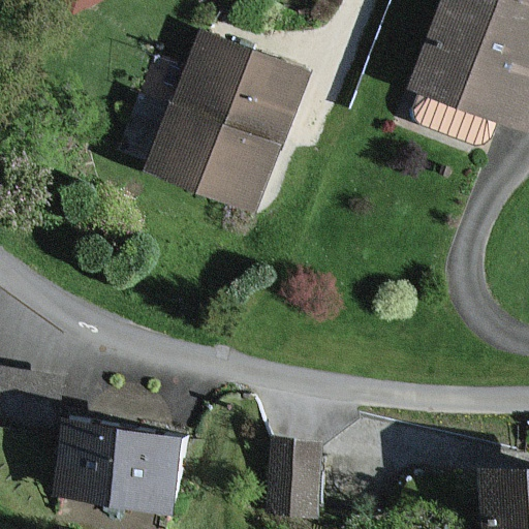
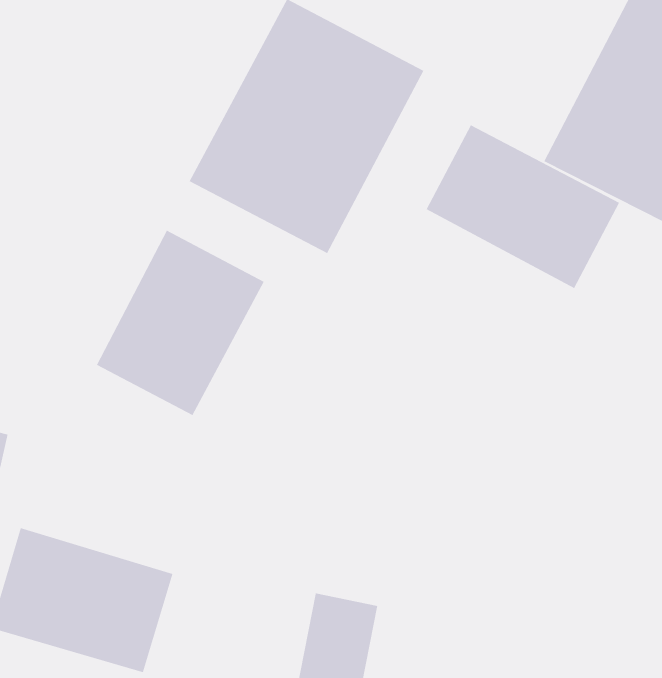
building: none -> [426,124,620,289]
building: none -> [96,230,265,416]

